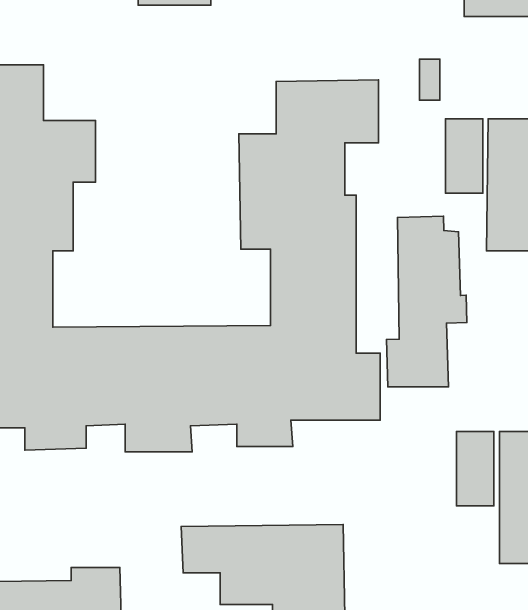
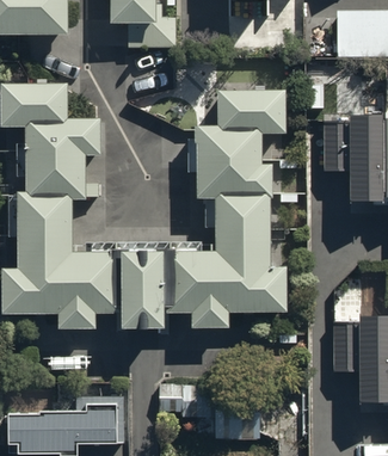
building: [386,216,467,387] -> none

